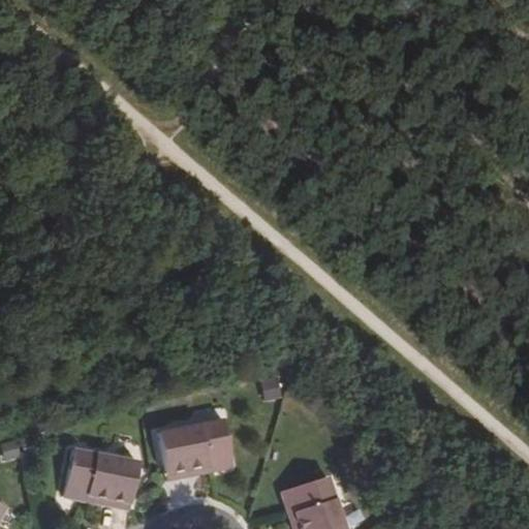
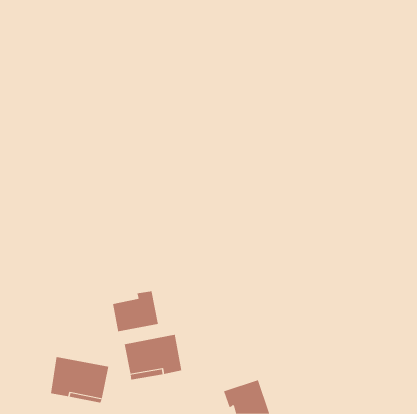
building: none -> [112,290,158,332]

